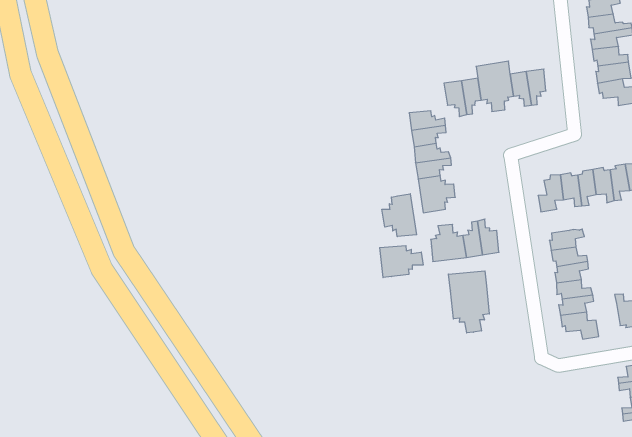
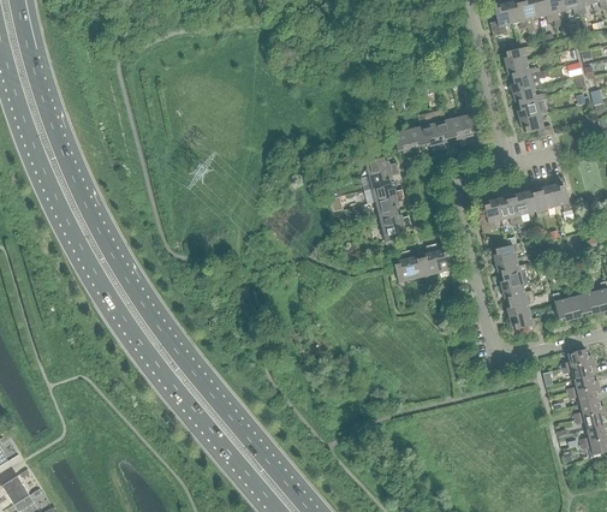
building: [382,194,417,237] -> none
building: [380,246,423,278] -> none
building: [448,271,489,333] -> none

